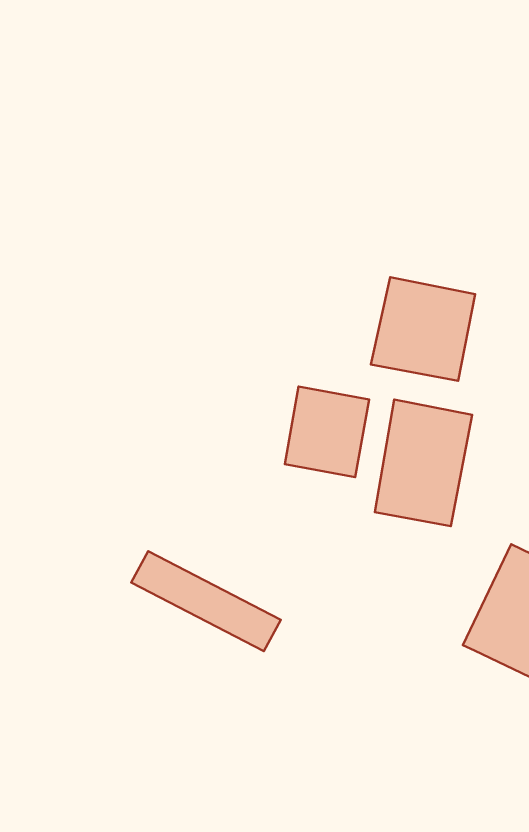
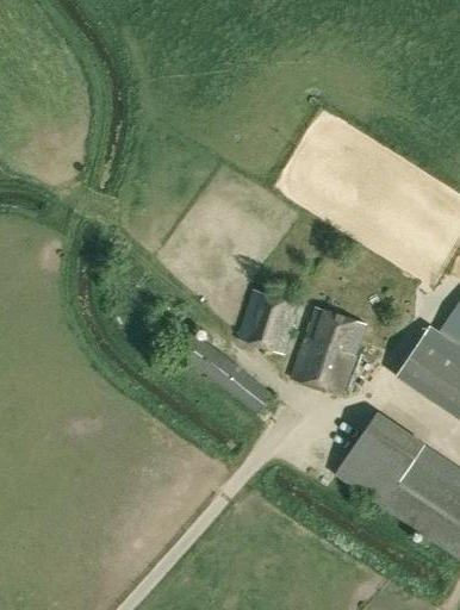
building: [371,277,475,381] -> none
building: [131,551,281,651] -> [175,335,271,412]

